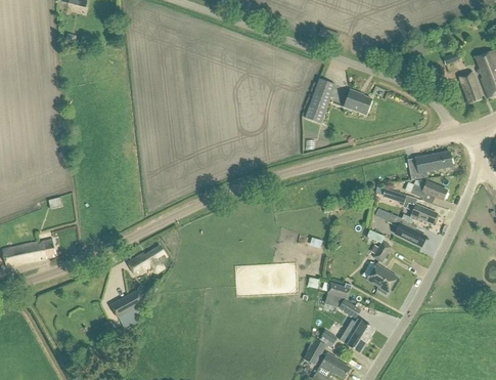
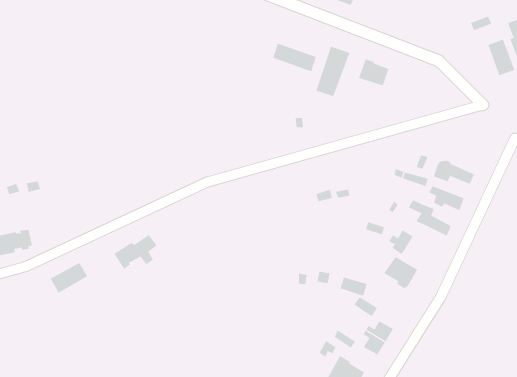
building: none -> [272,43,317,72]
building: [415,152,451,172] -> none
building: [109,290,143,318] -> [50,262,88,293]

